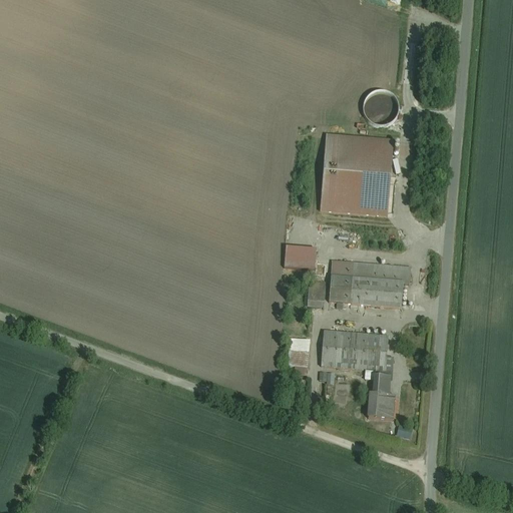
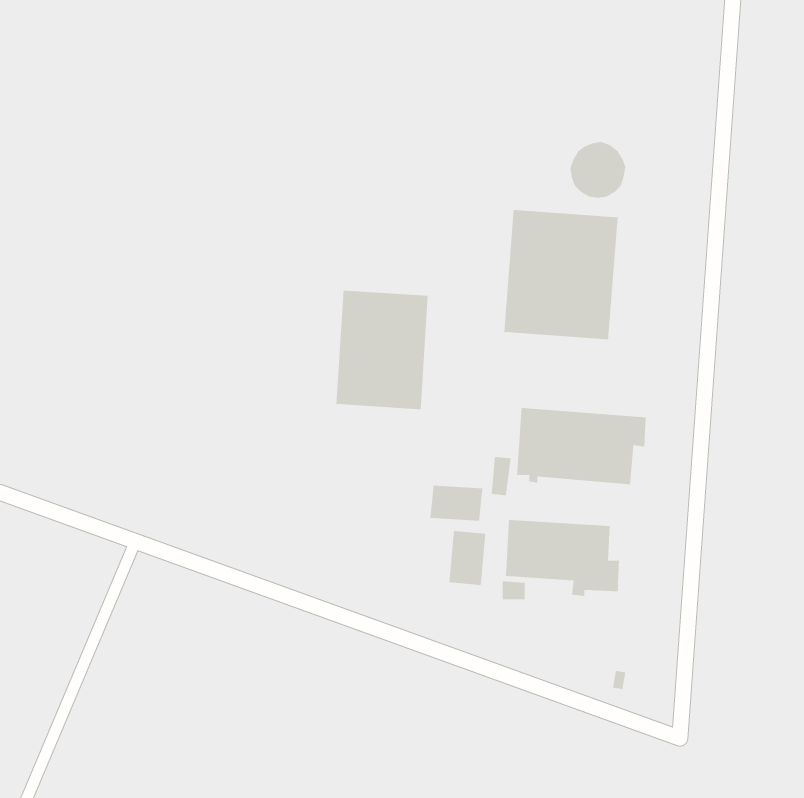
building: none -> [336,290,428,410]
building: [283,246,317,270] -> [430,485,483,521]
building: [364,377,395,420] -> none

